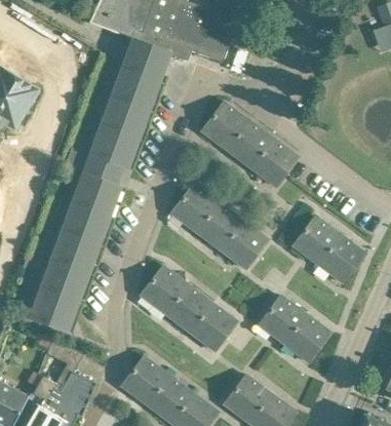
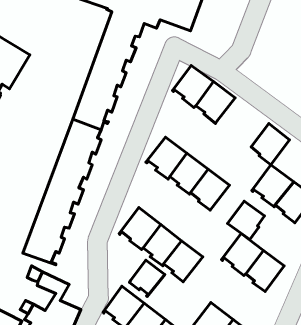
building: [253,140,298,187] -> [251,124,289,165]
building: none -> [227,201,265,240]
building: none -> [129,260,165,296]

